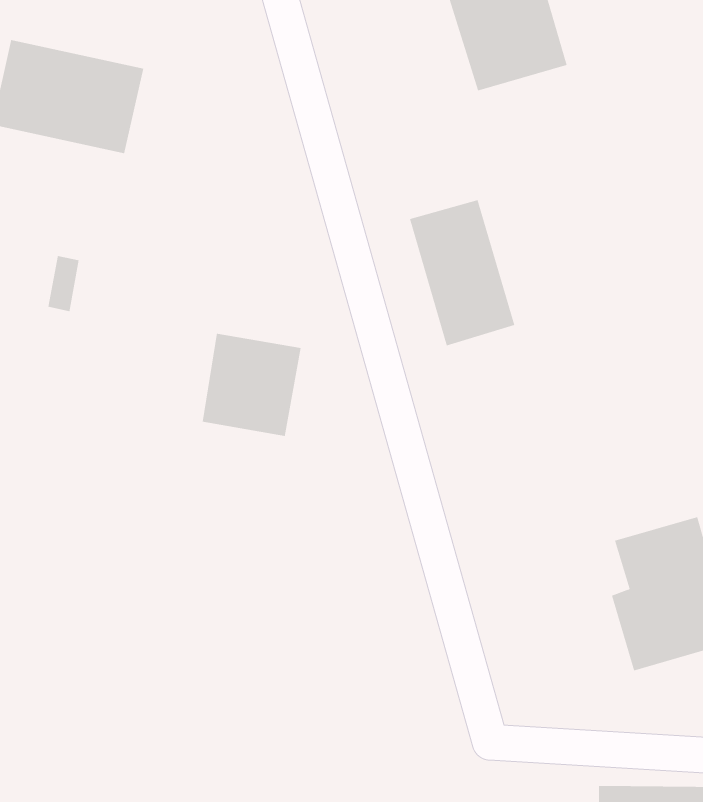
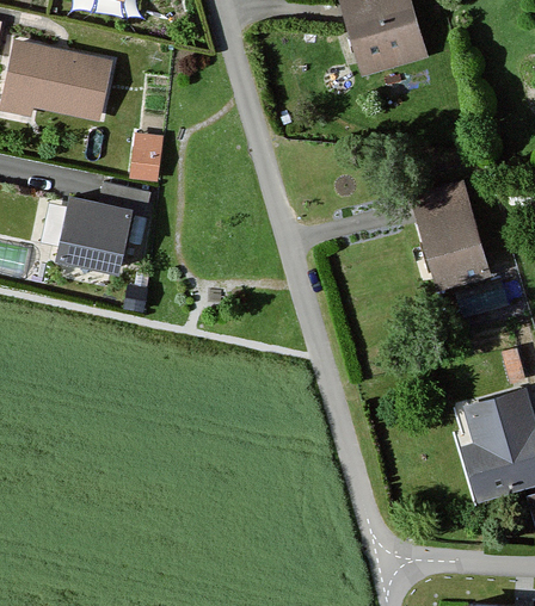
building: none -> [130,129,162,177]
building: [409,199,515,346] -> [412,180,491,289]
building: [202,333,302,436] -> [61,198,135,274]

